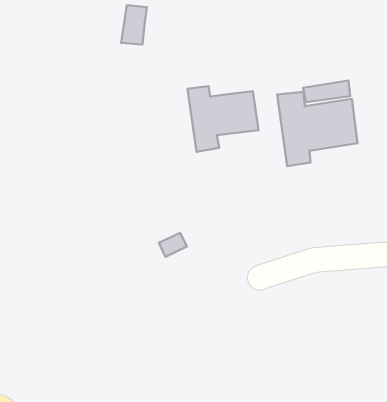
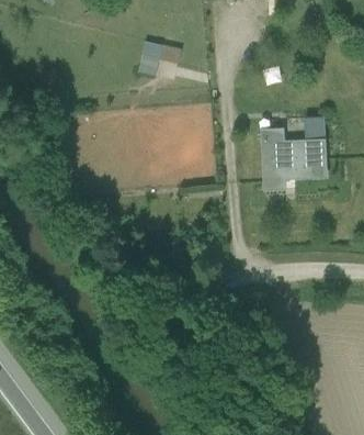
building: [188,86,258,152] -> none

